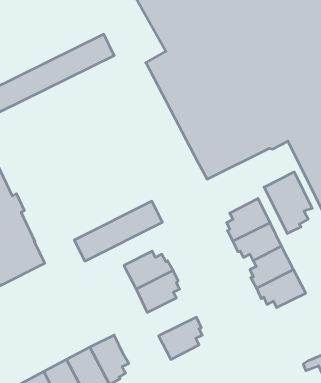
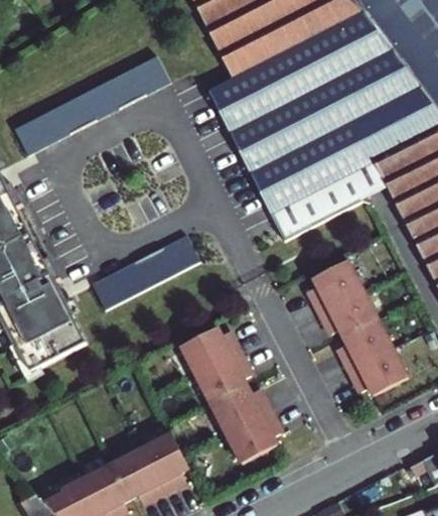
building: [264,172,312,234] -> none
building: [74,201,162,261] -> [91,235,200,309]
building: none -> [211,385,273,432]

